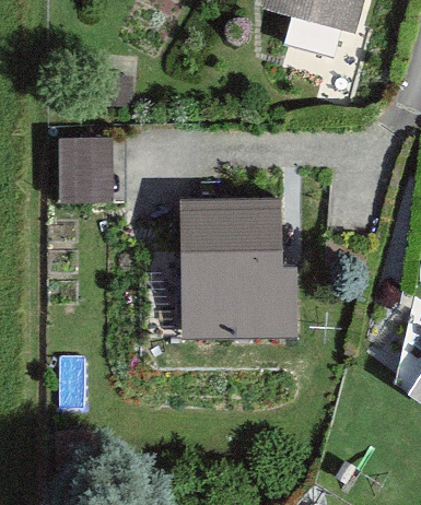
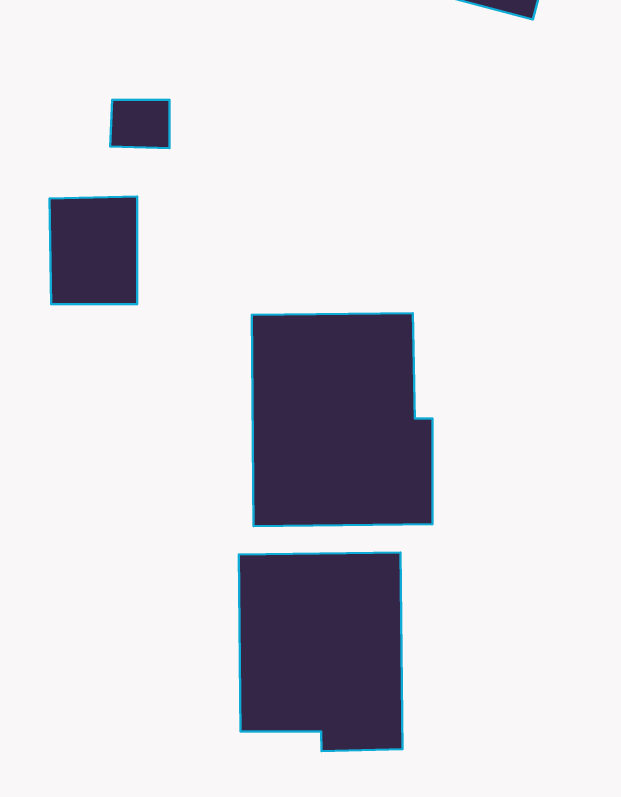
building: none -> [239,553,402,751]

